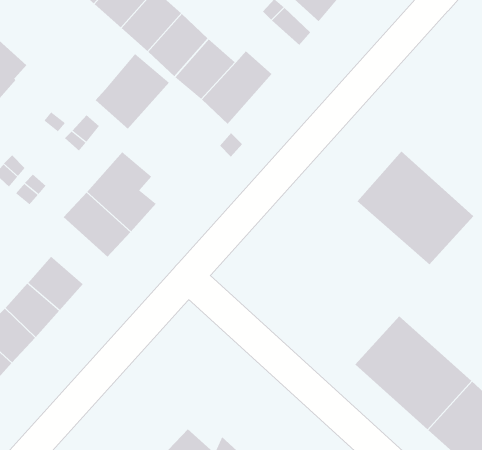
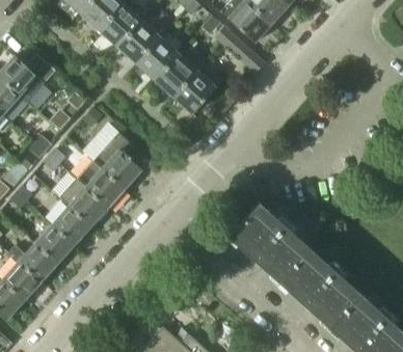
building: [95,53,170,129] -> none
building: [357,151,474,265] -> [229,202,311,282]
building: none -> [59,180,107,226]

